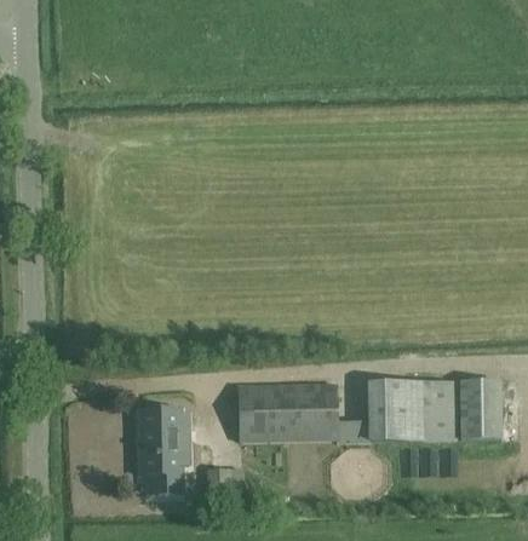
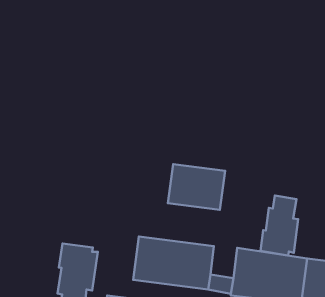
building: none -> [168,164,225,210]
building: none -> [260,196,298,256]

